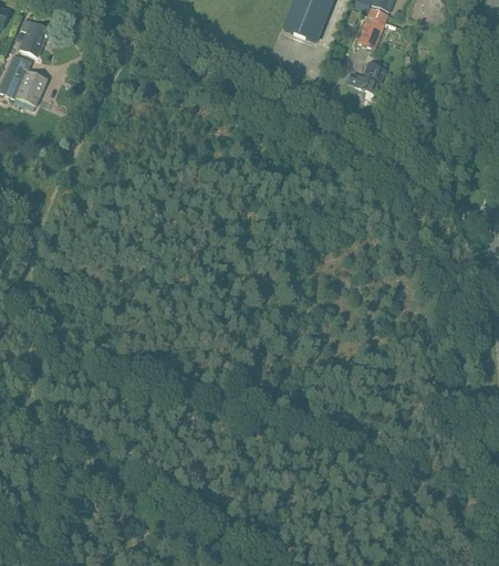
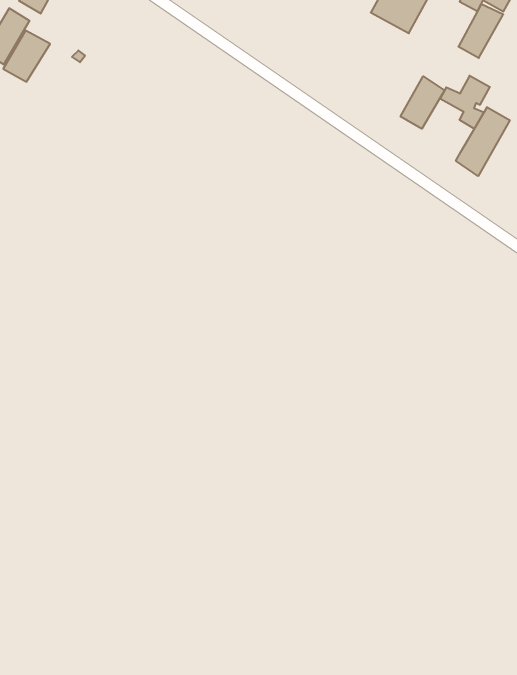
building: none -> [401,76,444,129]
building: none -> [456,107,510,176]

